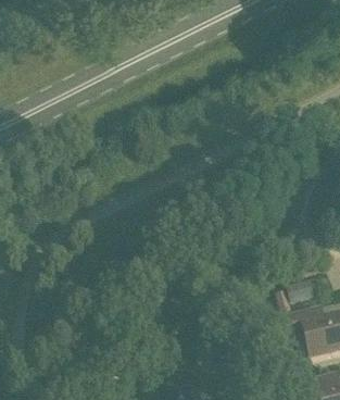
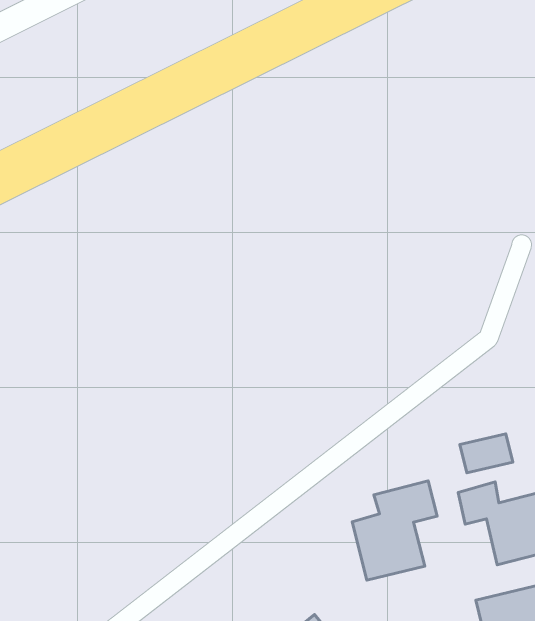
building: none -> [352,481,437,580]

